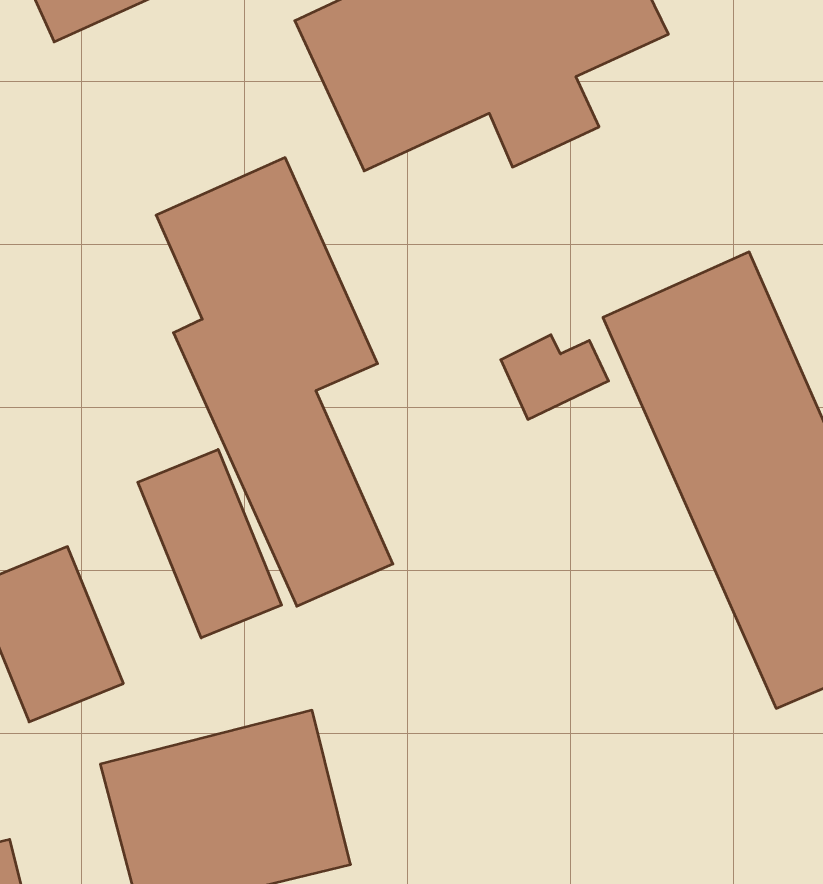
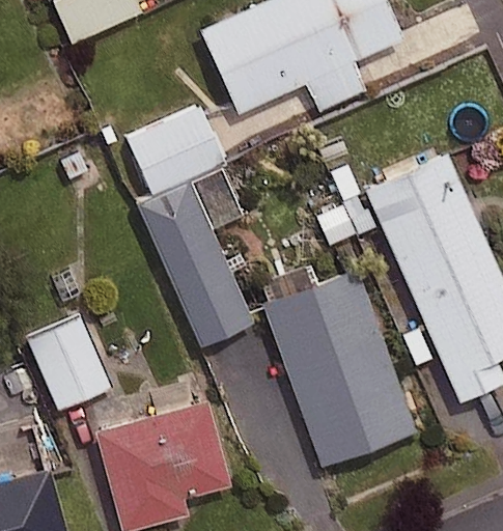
building: [138,449,282,638] -> none
building: none -> [264,270,414,465]

